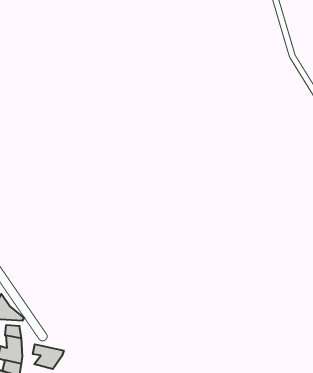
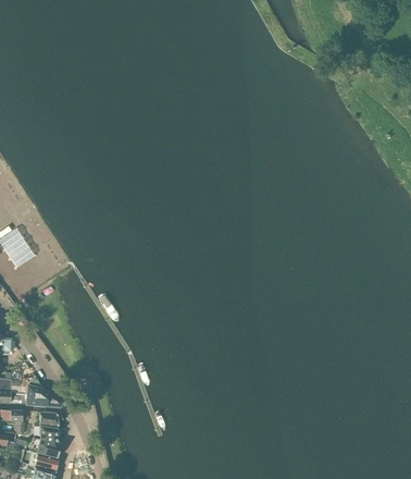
building: [33,344,64,369] -> none

